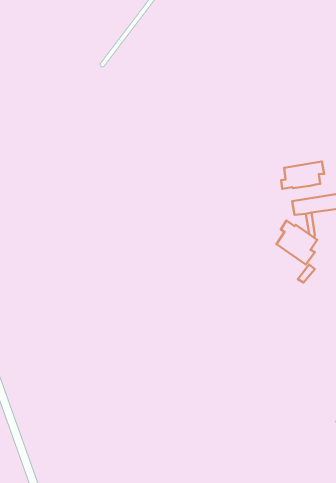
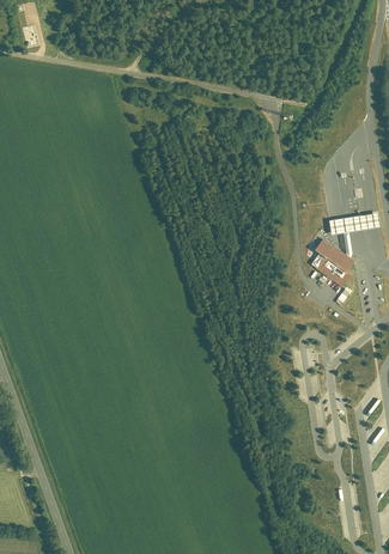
building: [281,161,324,189] -> none

